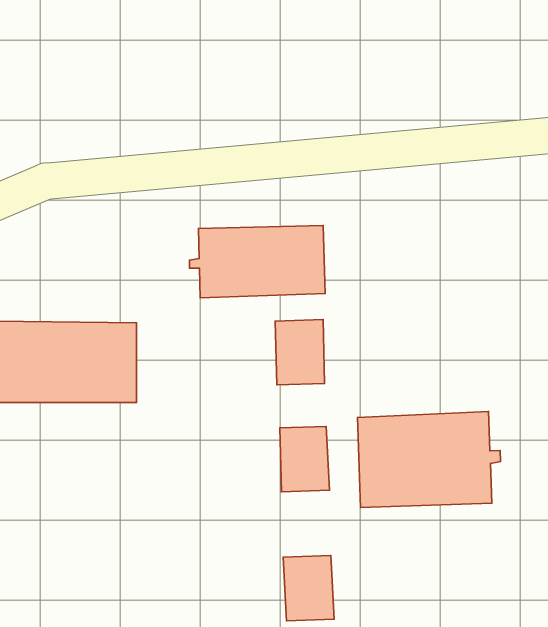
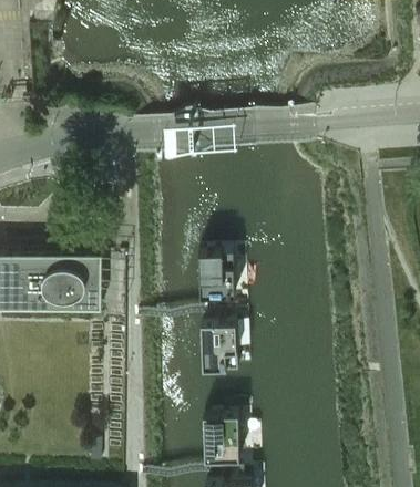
building: [189,225,325,298] -> none
building: [358,411,501,507] -> none

